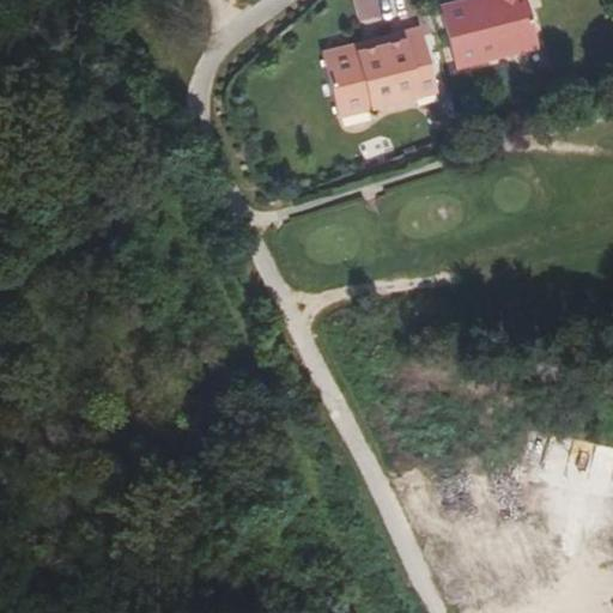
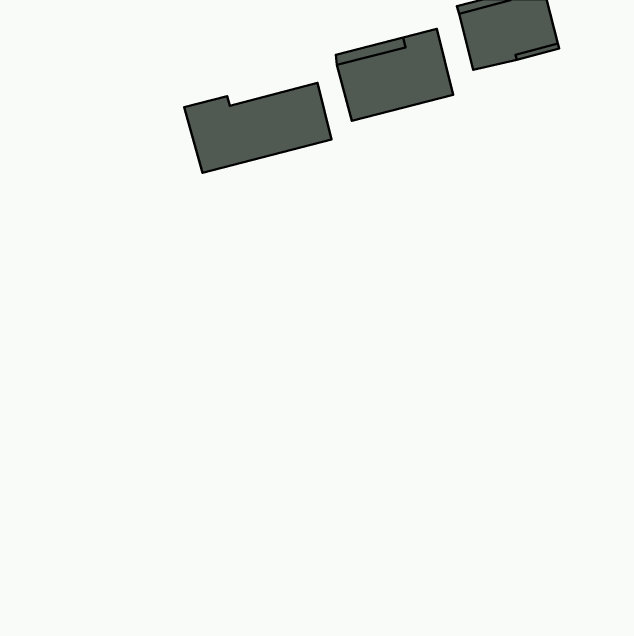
building: none -> [184,83,331,173]

